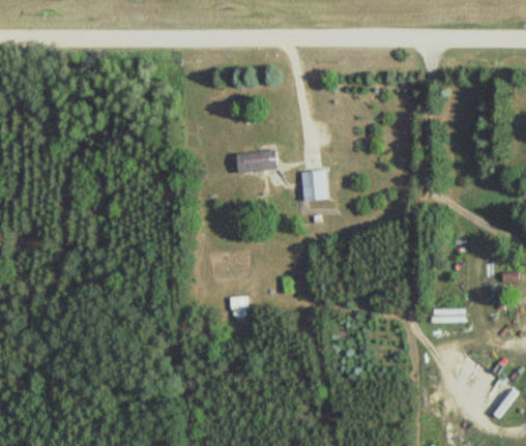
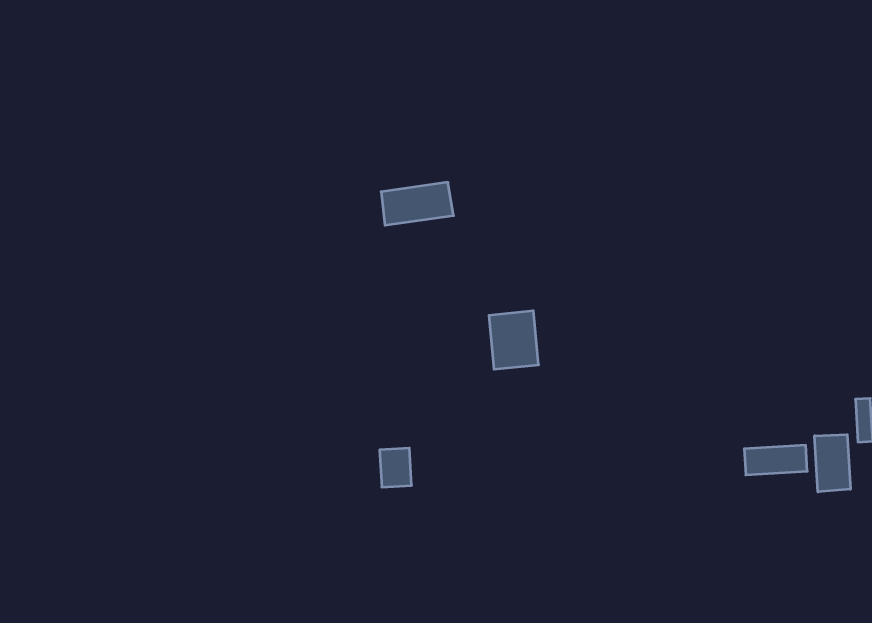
building: [301,169,327,200] -> [489,311,539,369]
building: none -> [815,435,850,492]

